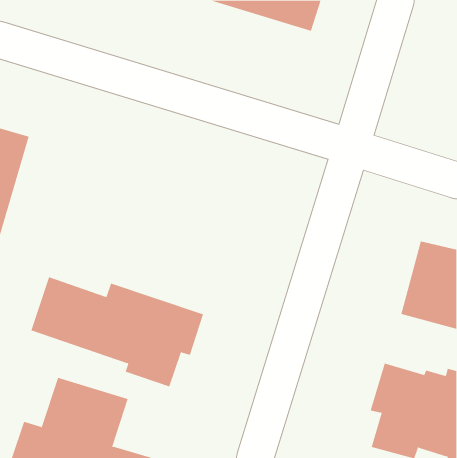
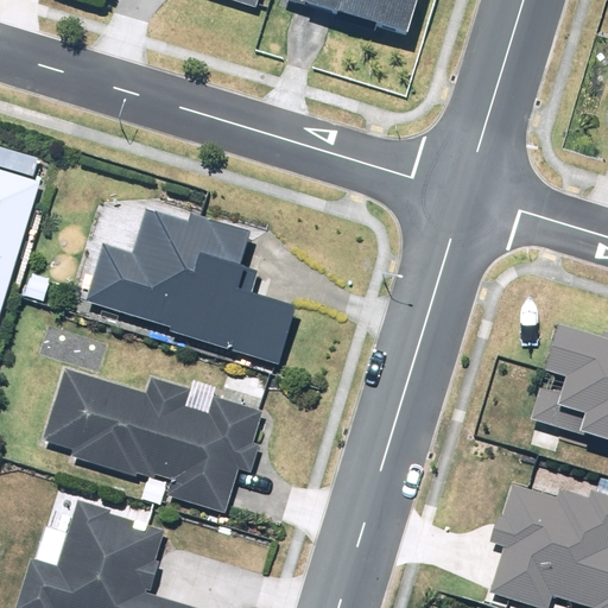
building: none -> [88,208,299,362]

